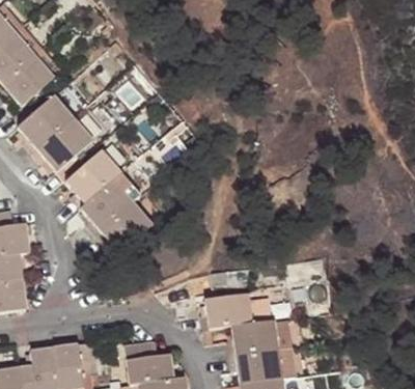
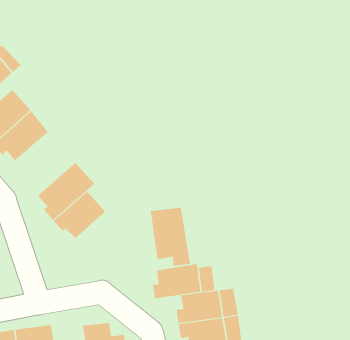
building: [63,150,118,207] -> none
building: none -> [150,207,191,267]

